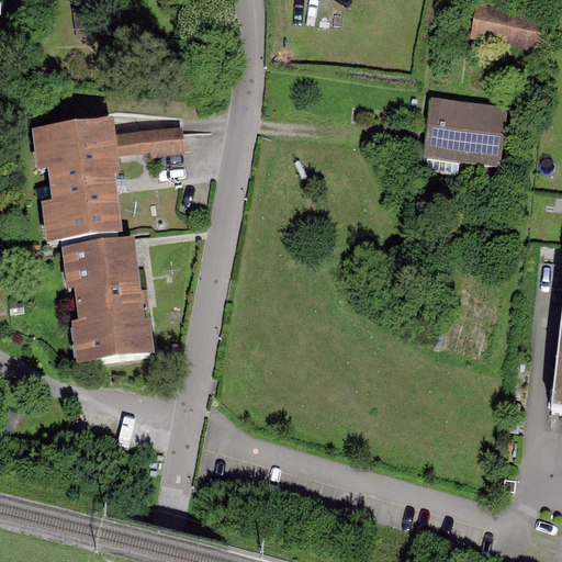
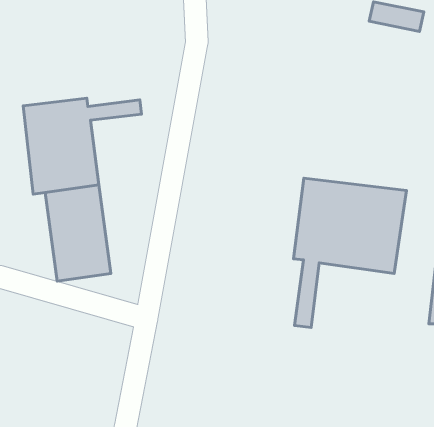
building: [429,93,510,167] -> none
building: none -> [294,178,407,328]

